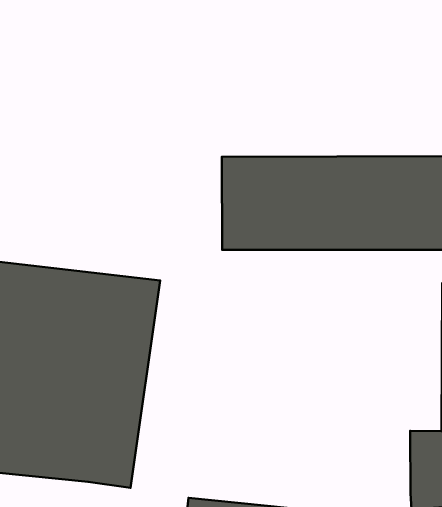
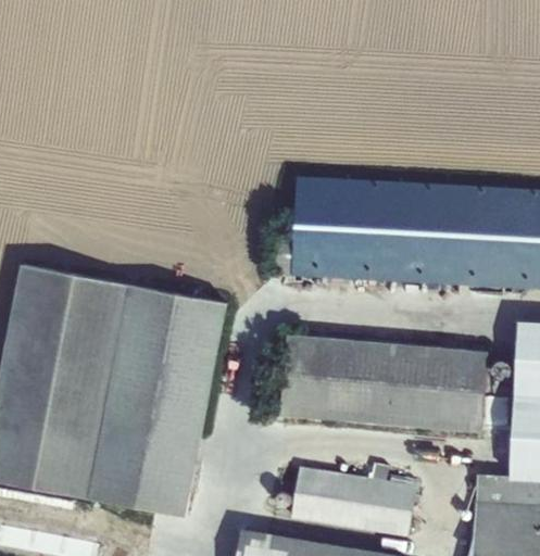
building: none -> [282,337,488,430]
building: none -> [292,463,416,534]

